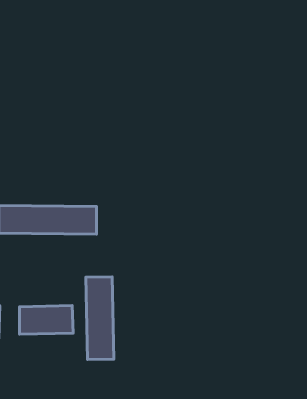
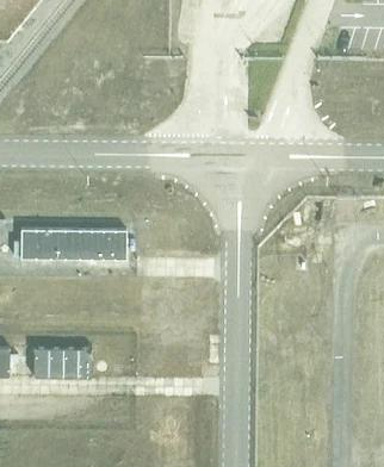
building: [86,277,114,359] -> none

